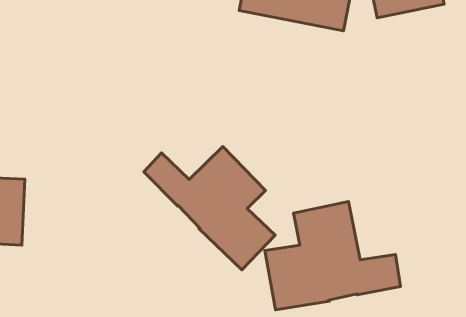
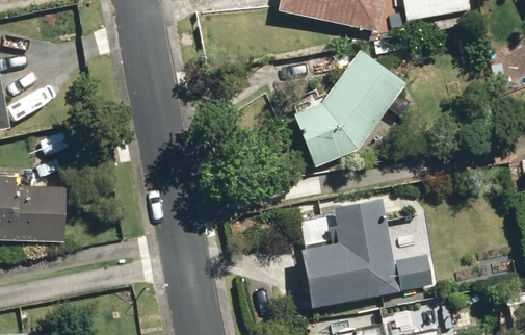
building: none -> [293,52,404,166]
building: [144,146,275,270] -> none

